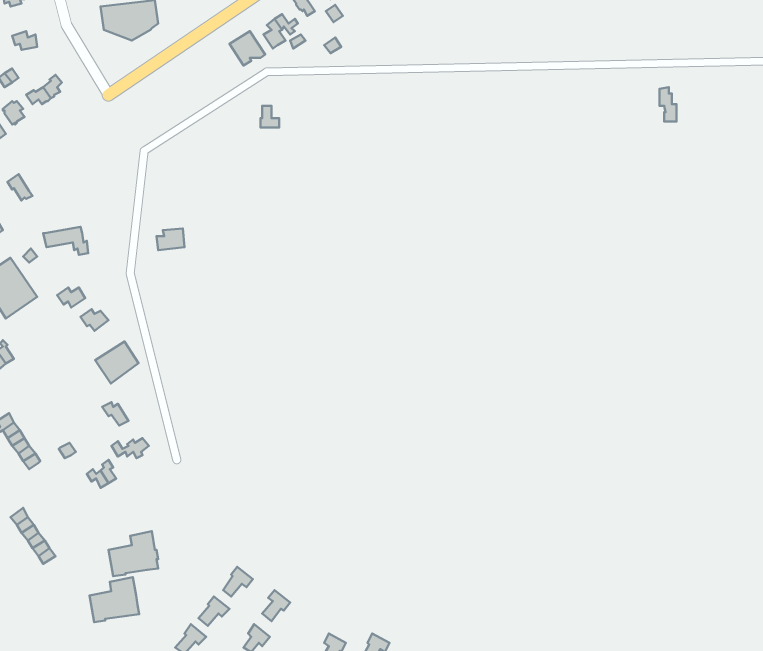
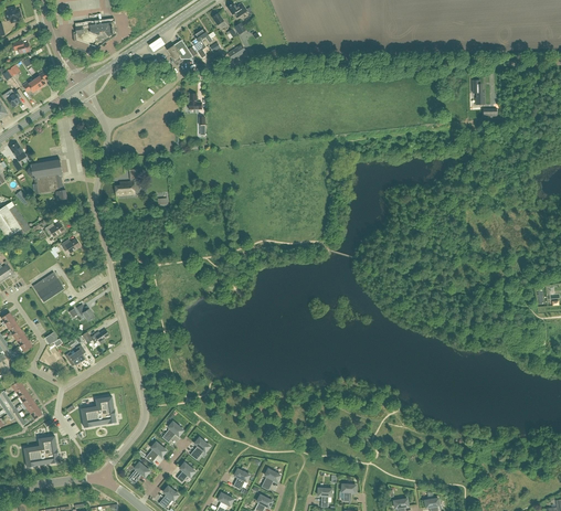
building: none -> [28,157,63,183]
building: [95,341,139,383] -> [33,272,64,301]
building: [90,577,139,622] -> [24,435,60,467]

